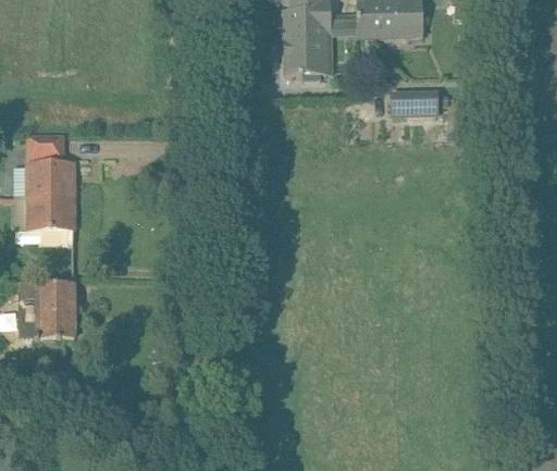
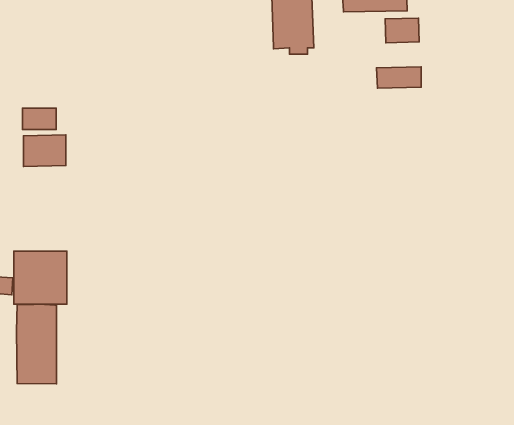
building: none -> [385,18,419,43]
building: [29,194,74,243] -> none
building: none -> [16,304,56,384]

